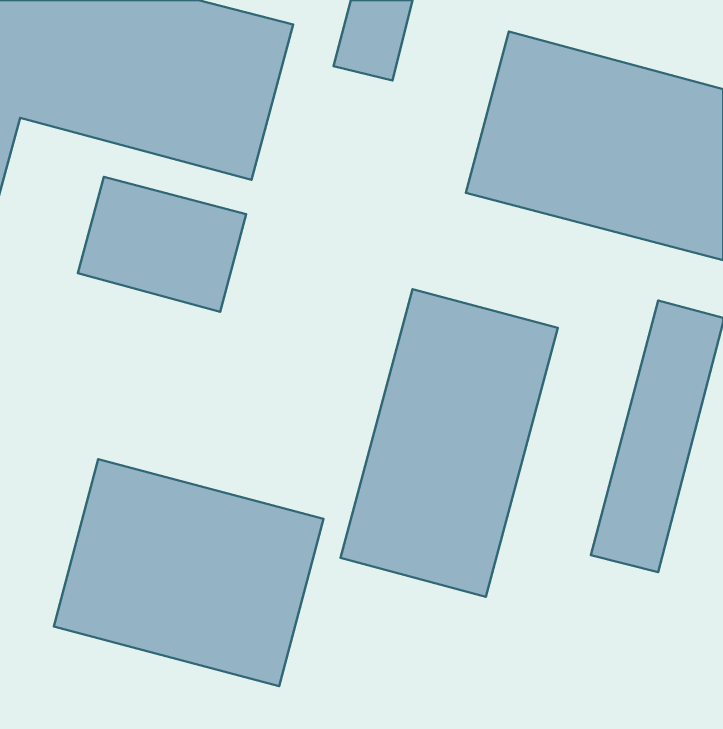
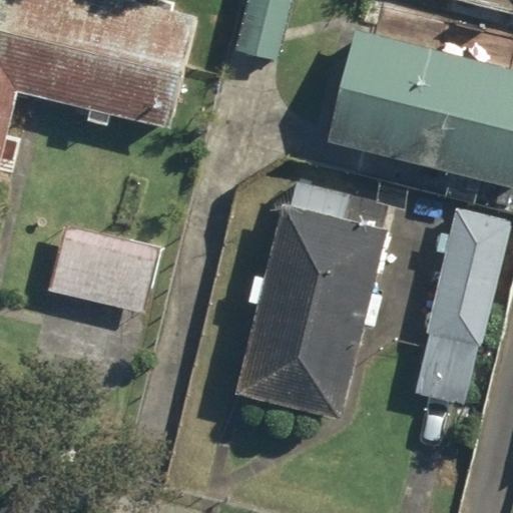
building: [78,177,246,312] -> [45,220,162,315]
building: [54,459,324,686] -> none

